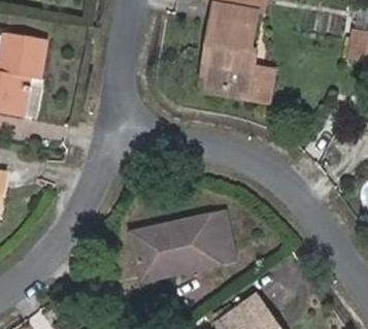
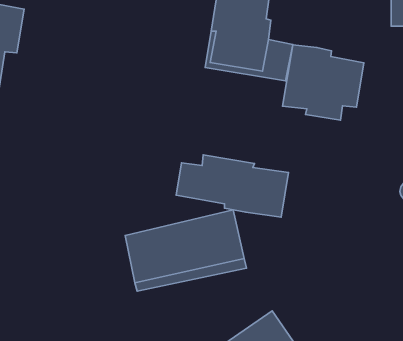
building: none -> [283,45,364,120]
building: none -> [176,155,288,217]

